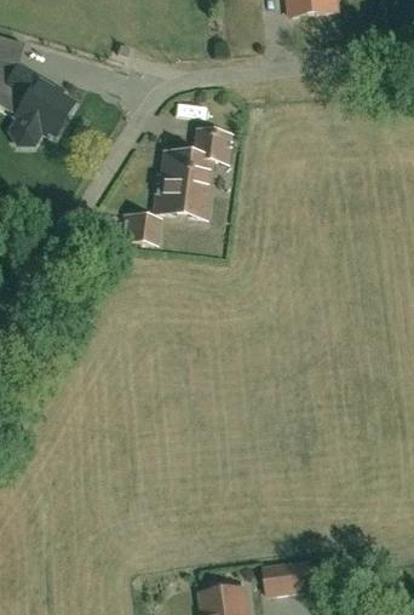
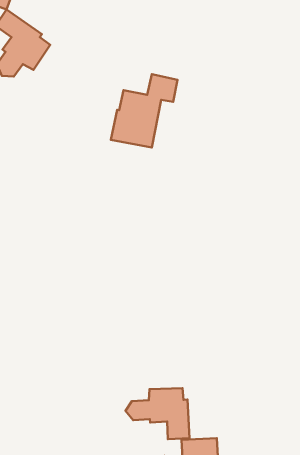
building: [122,214,157,242] -> none
building: none -> [126,388,189,439]

